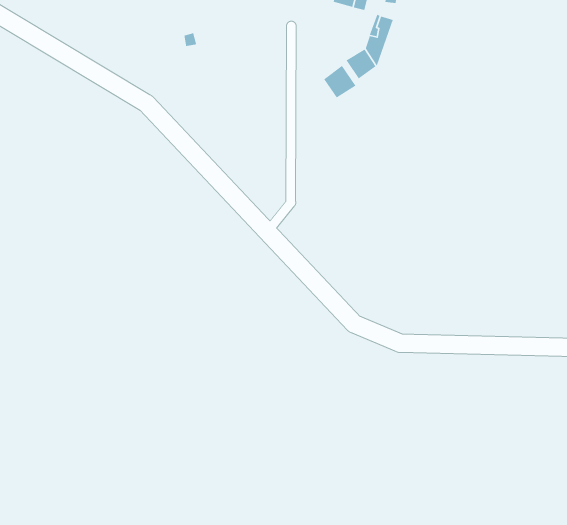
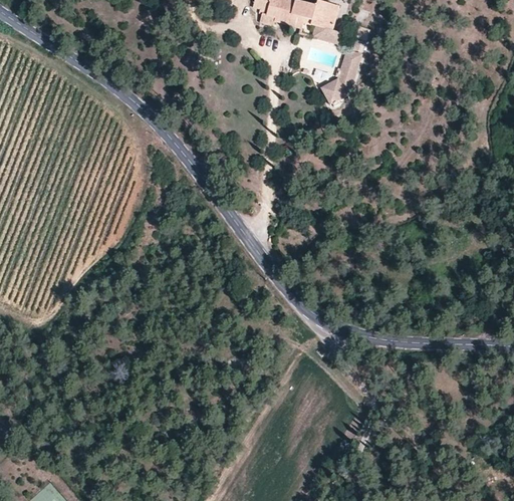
building: [323,65,357,98] -> none

